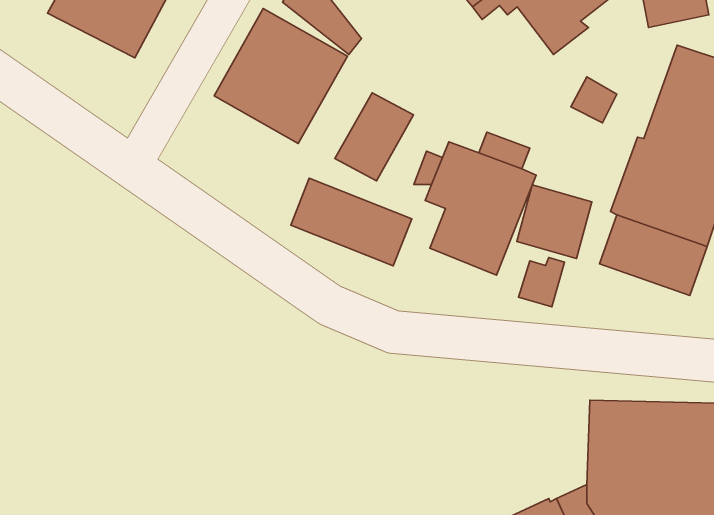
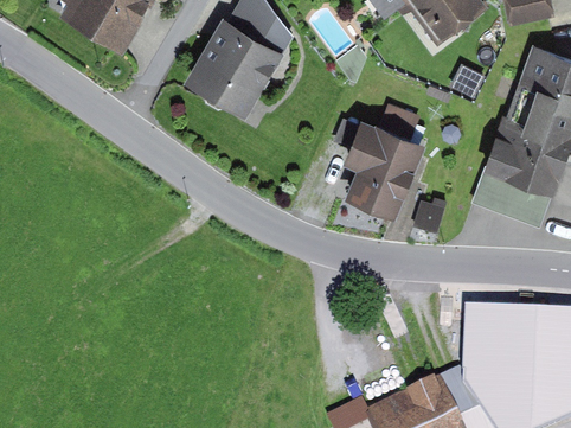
building: [335,93,413,181] -> none
building: [291,178,412,266] -> none
building: [517,185,592,258] -> none

